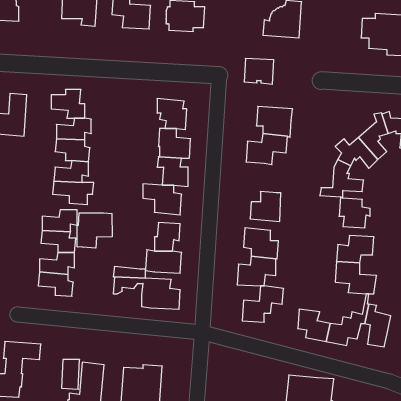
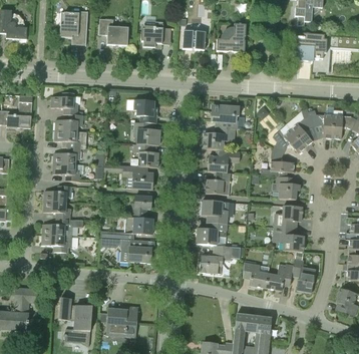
building: [244,58,274,84] -> [182,30,205,50]
building: none -> [207,149,240,172]
building: [77,213,112,248] -> none

